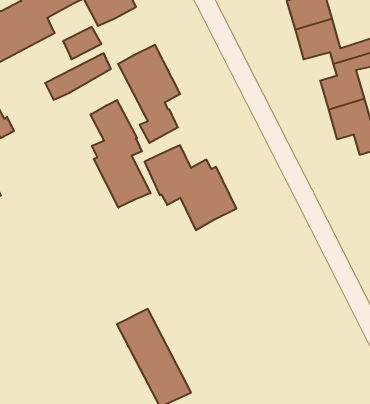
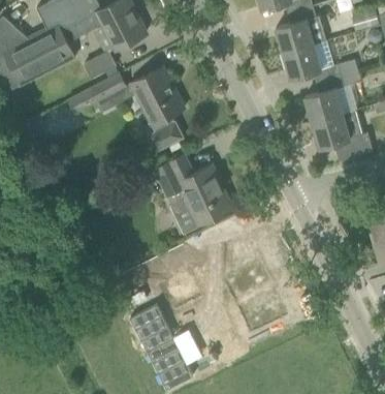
building: [90,100,151,208] -> none

